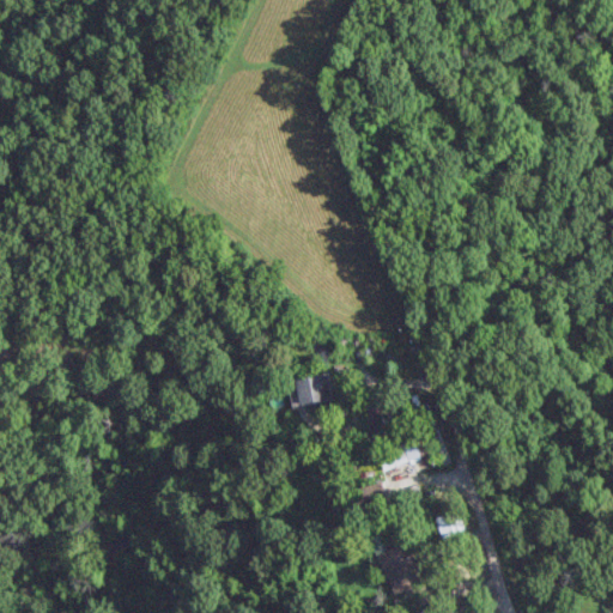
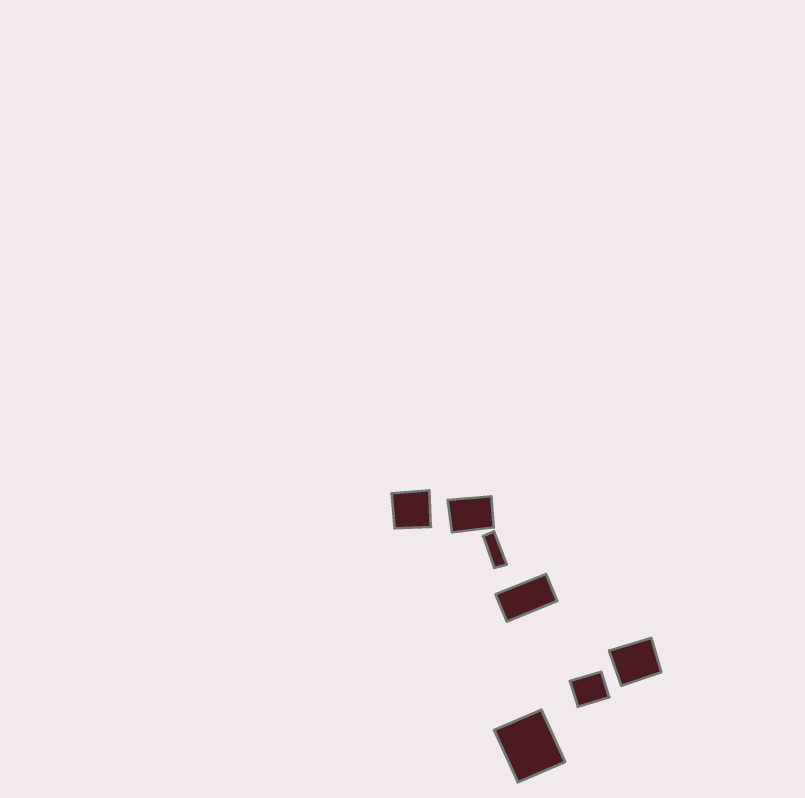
building: none -> [448,496,494,532]
building: none -> [609,638,661,686]

